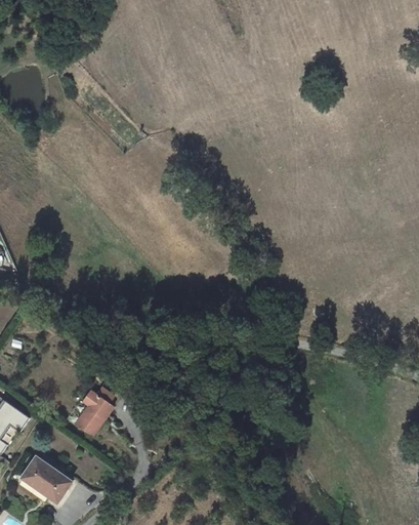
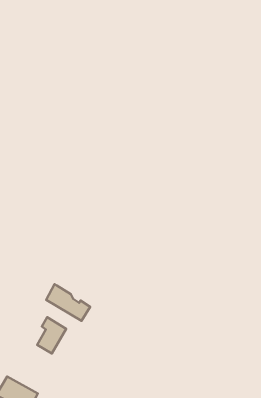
building: none -> [46,284,90,321]

